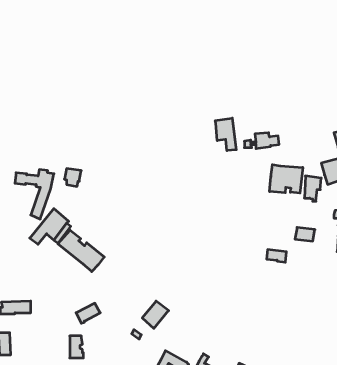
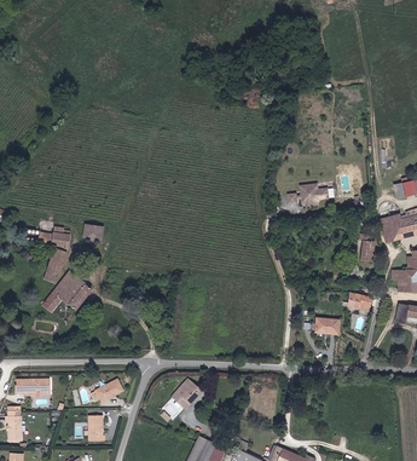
building: [215,118,236,151] -> none
building: [270,165,303,193] -> none
building: [58,230,104,272] -> none

